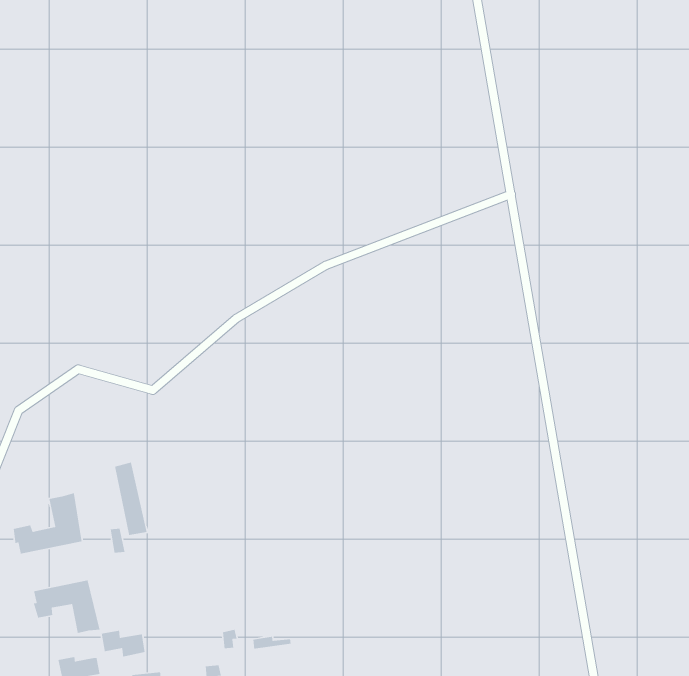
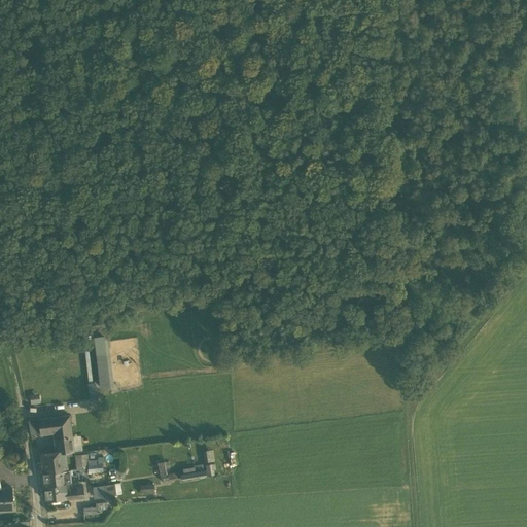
building: [13,492,82,555] -> none
building: none -> [39,453,66,472]

